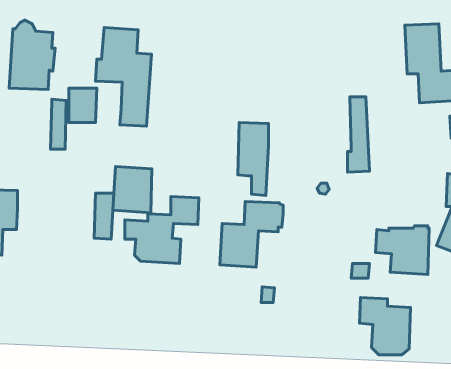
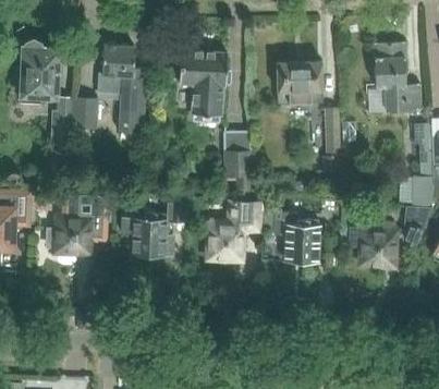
building: none -> [179,51,228,117]
building: none -> [277,62,322,102]
building: [113,166,152,213] -> [56,212,90,254]
building: [359,298,410,355] -> [273,211,319,263]

